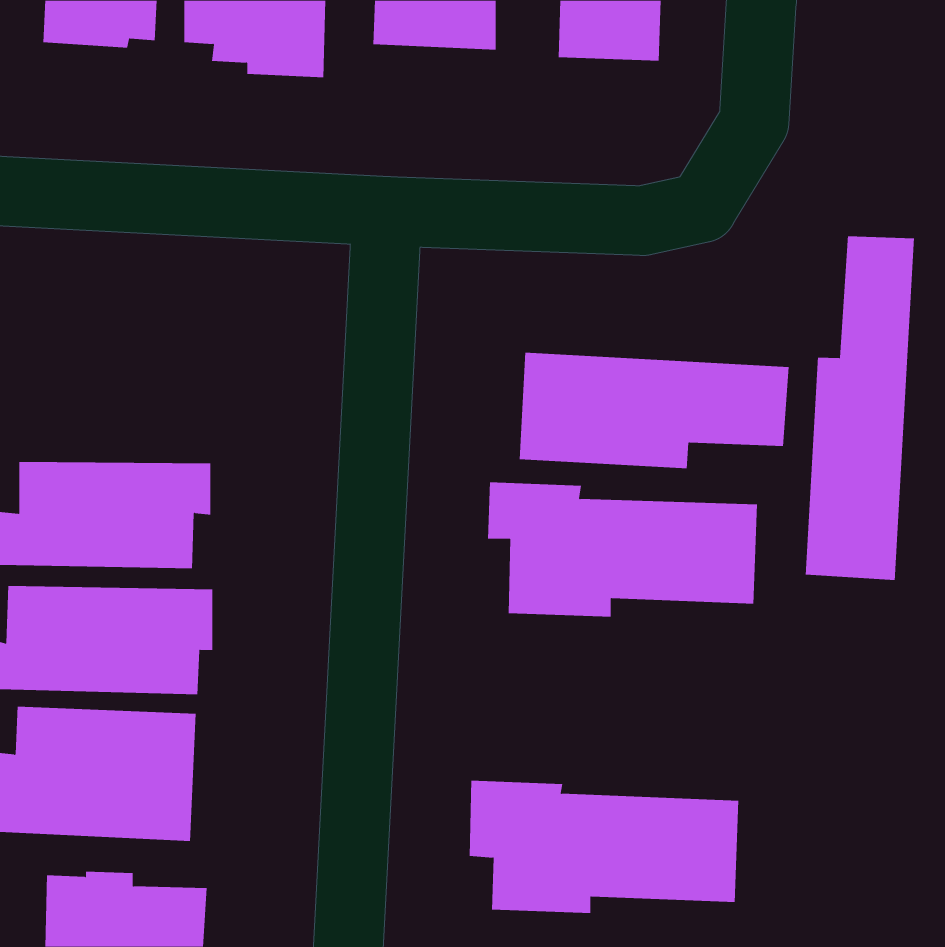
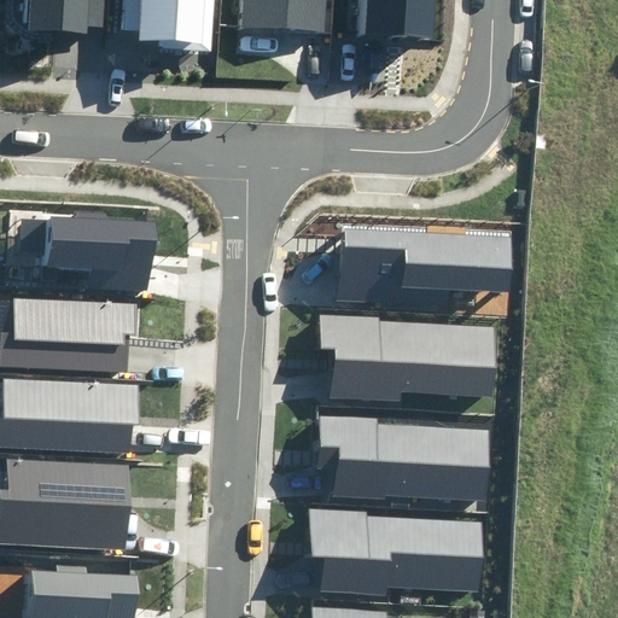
building: [805,236,914,581] -> none
building: none -> [46,209,152,291]
building: none -> [315,413,491,500]

